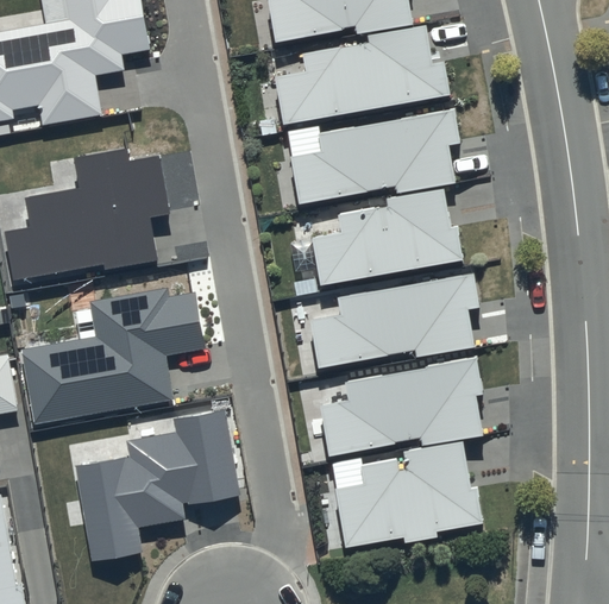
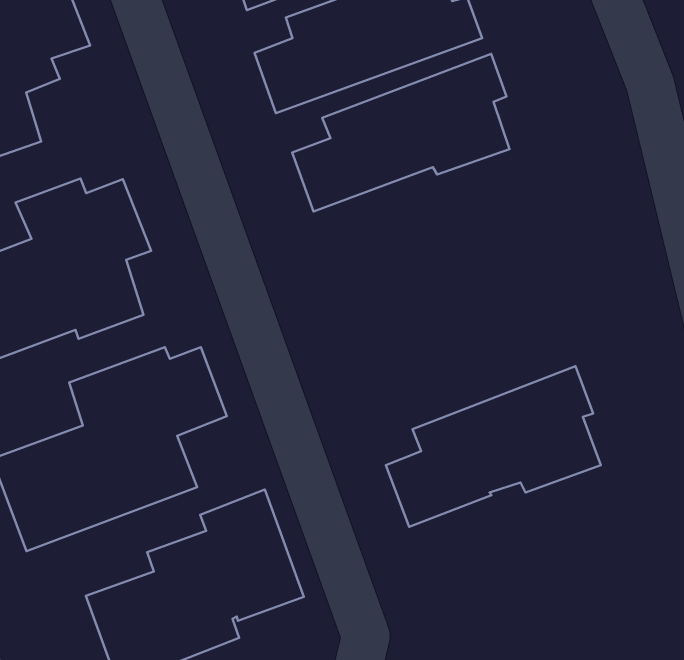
building: [310,188,462,285] -> none
building: [309,273,478,367] -> none
building: [334,441,482,548] -> none

